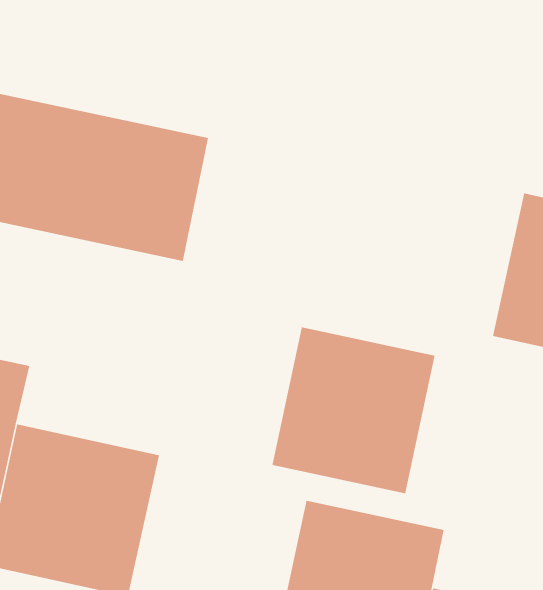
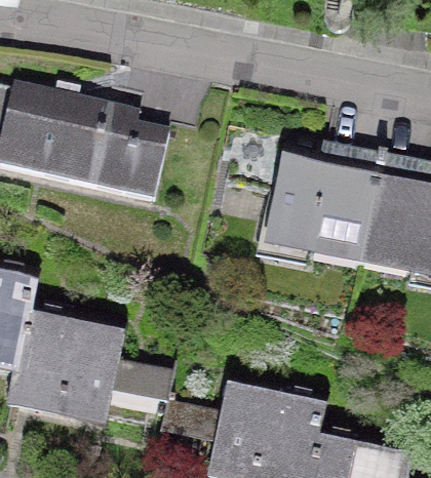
building: none -> [269,141,378,258]
building: [272,326,435,494] -> none

